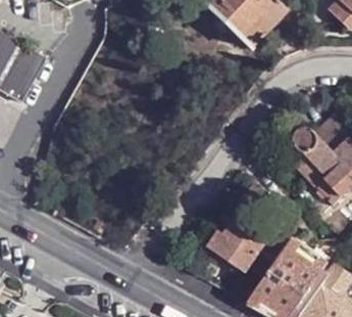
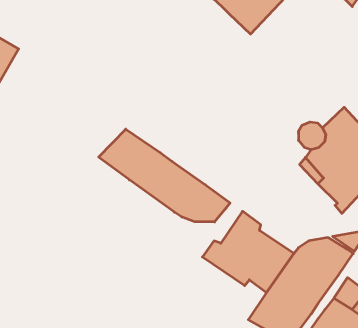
building: none -> [99,129,230,222]

